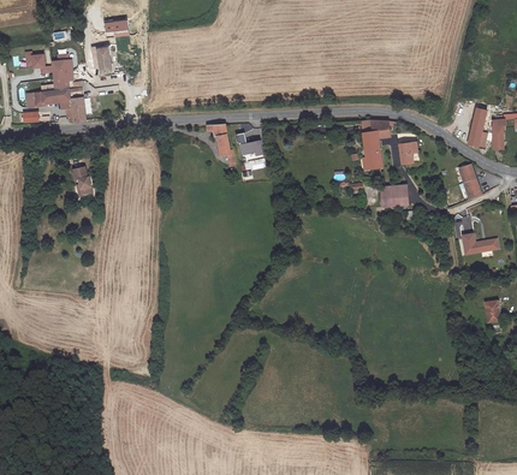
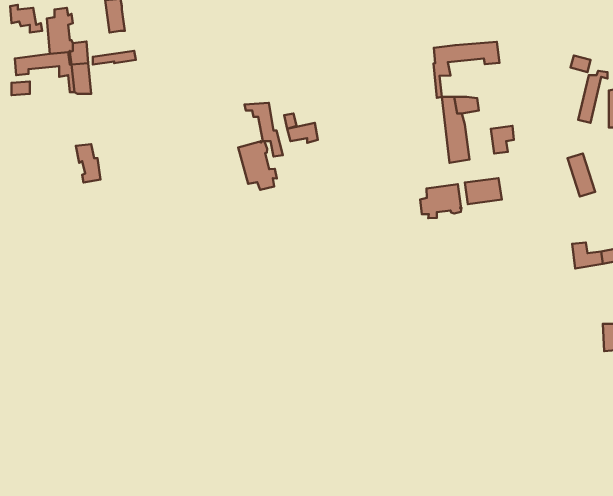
building: none -> [433,42,499,98]
building: none -> [238,141,277,190]
building: none -> [420,184,461,218]

